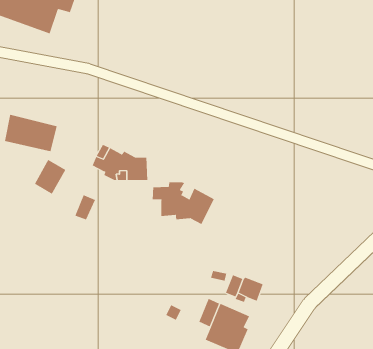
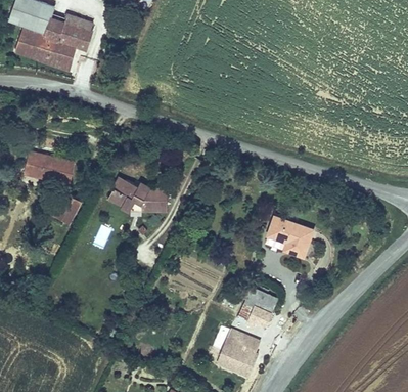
building: none -> [266,212,316,258]
building: [152,181,214,225] -> none
building: none -> [242,286,278,311]

